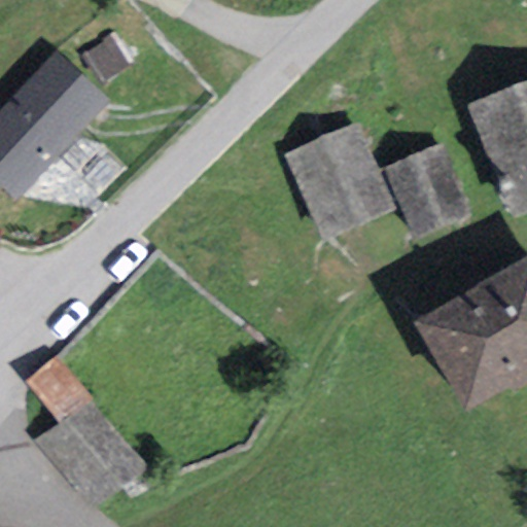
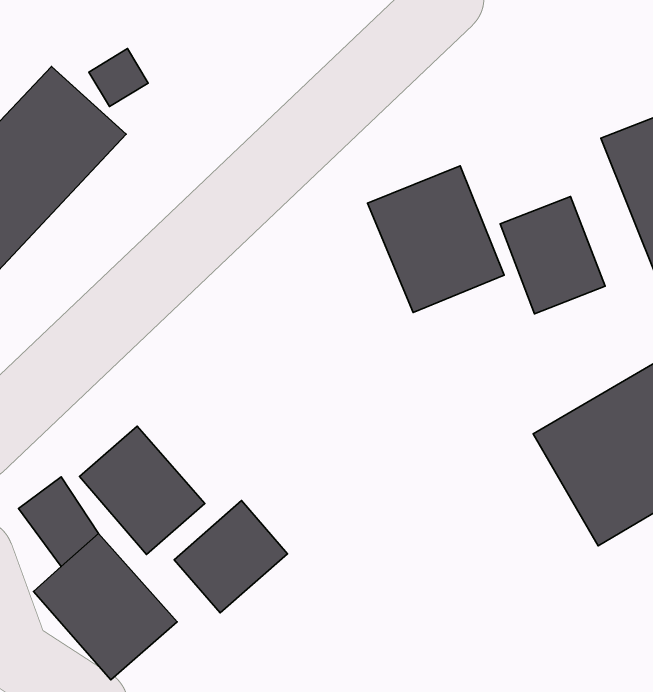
building: none -> [79,426,205,555]
building: none -> [174,501,288,613]

